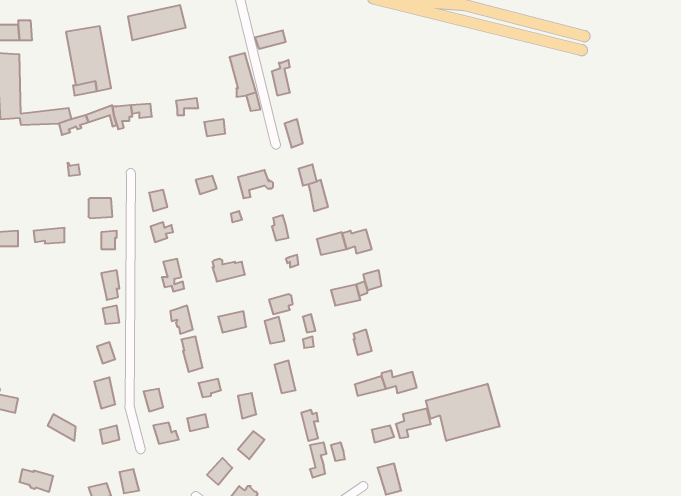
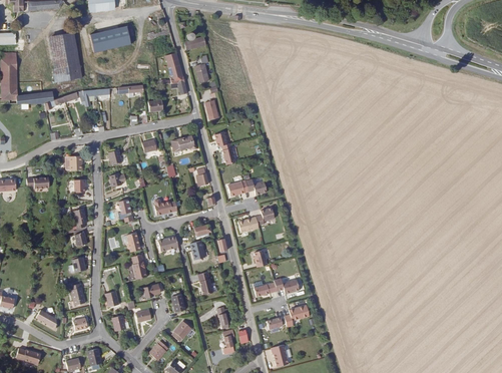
building: [426,384,500,441] -> none

